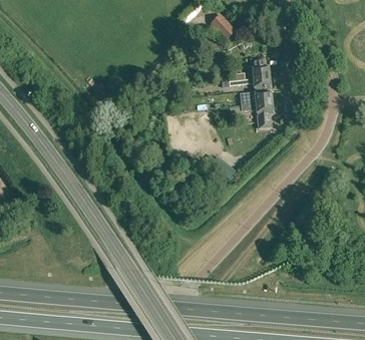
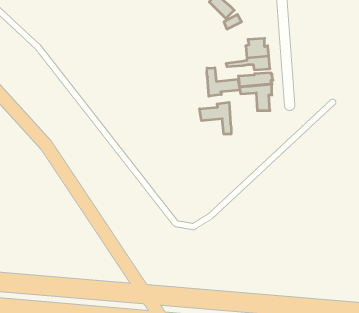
building: none -> [207,68,240,96]
building: none -> [200,102,231,134]

